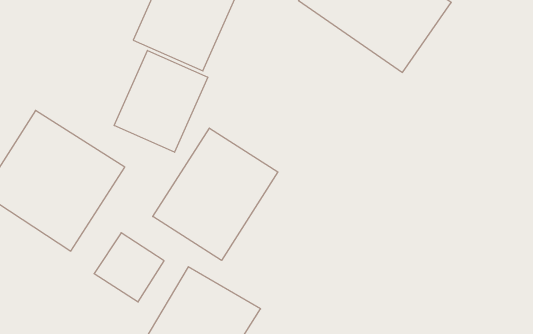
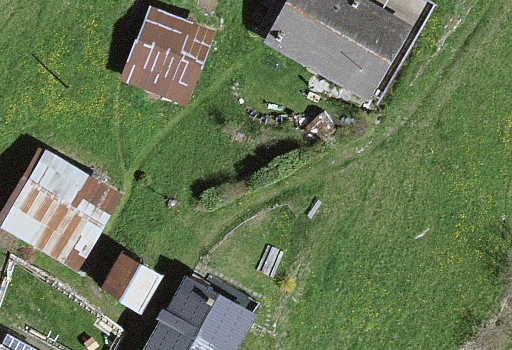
building: [114,50,208,152] -> none
building: [153,128,278,260] -> none

